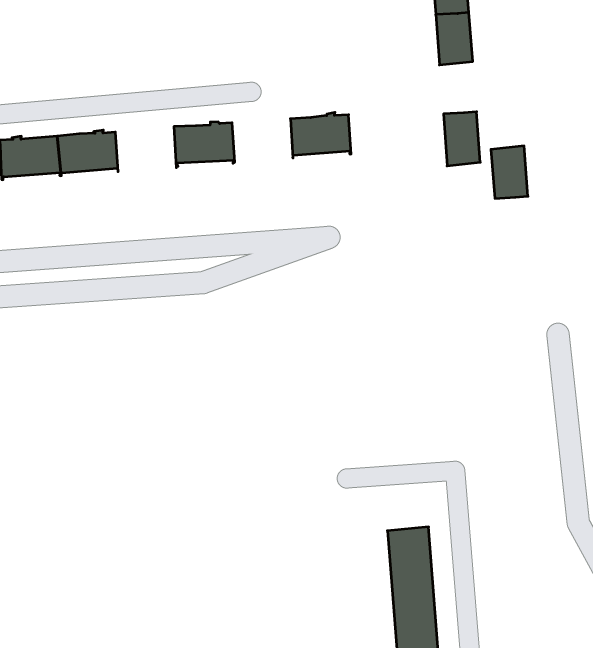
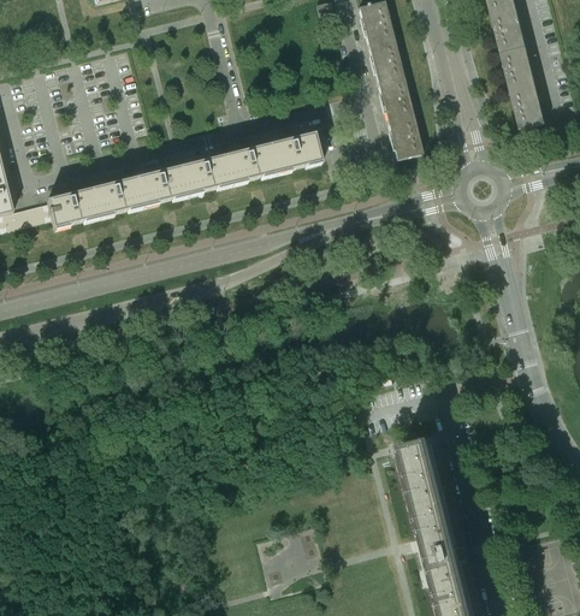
building: none -> [224,143,276,184]
building: none -> [135,165,187,207]
building: [491,146,528,198] -> [377,75,412,119]

